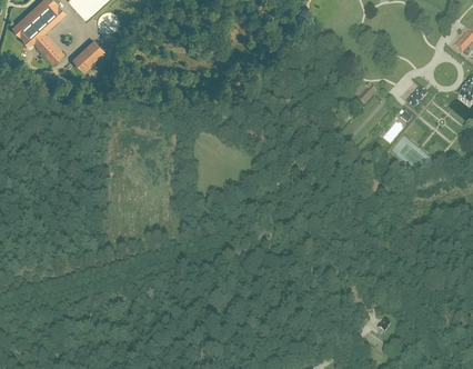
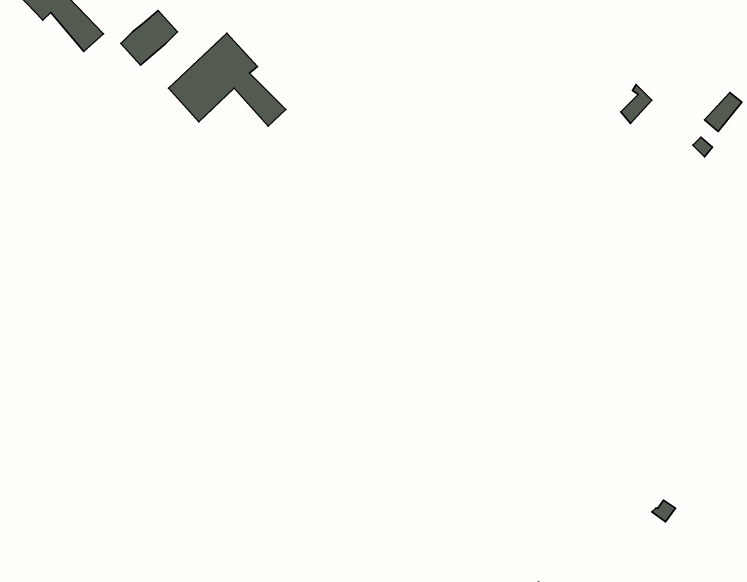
building: none -> [168,33,286,126]

